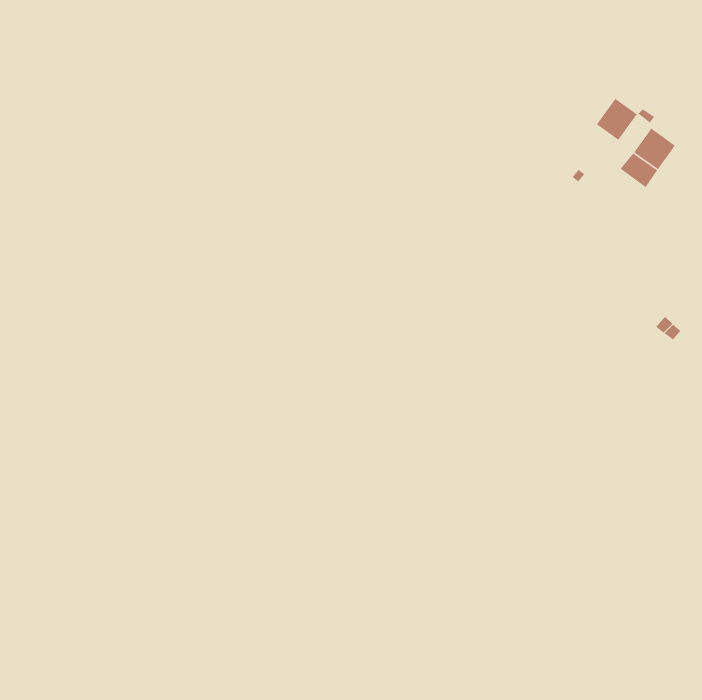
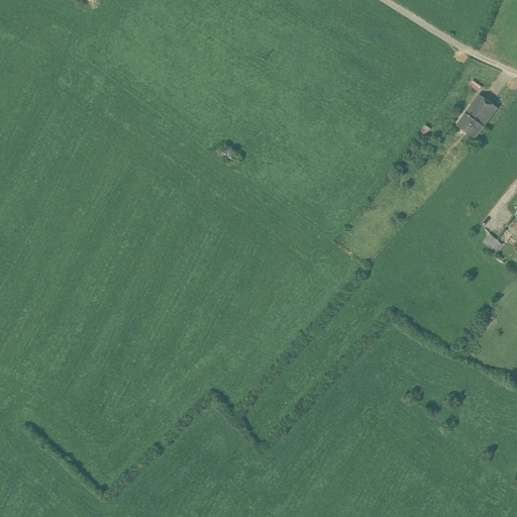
building: [596,98,638,141] -> none

